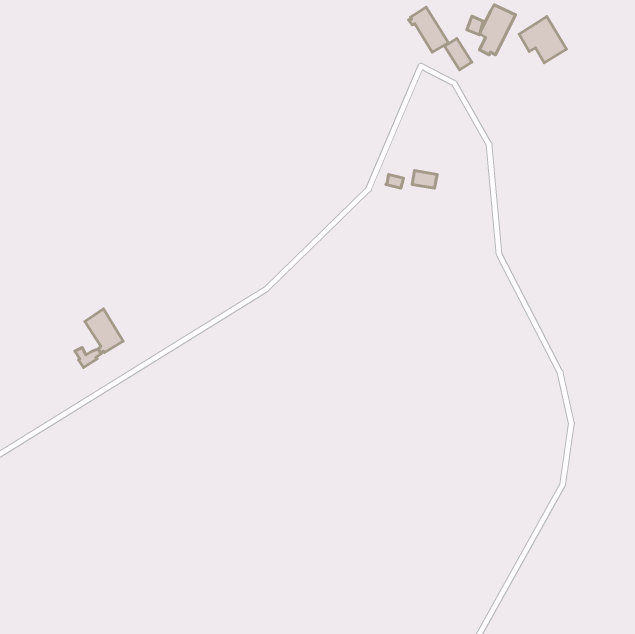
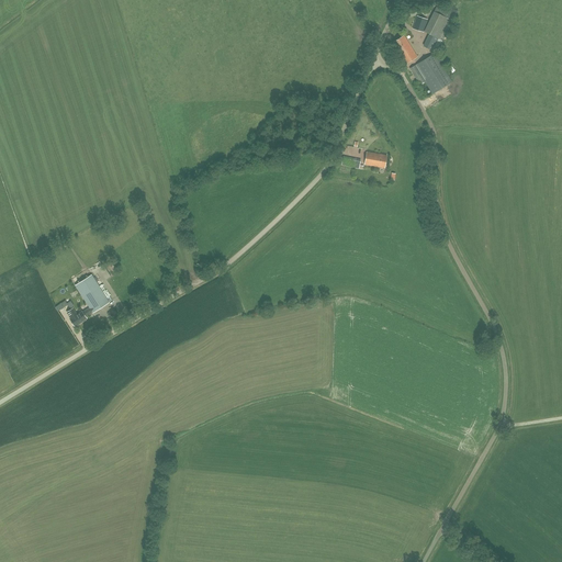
building: [408,7,449,52] -> none
building: [519,17,567,63] -> [409,52,451,92]

